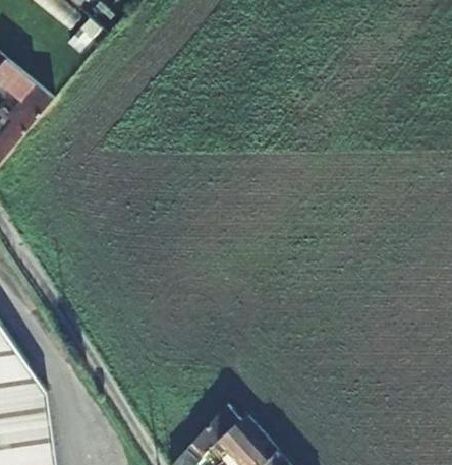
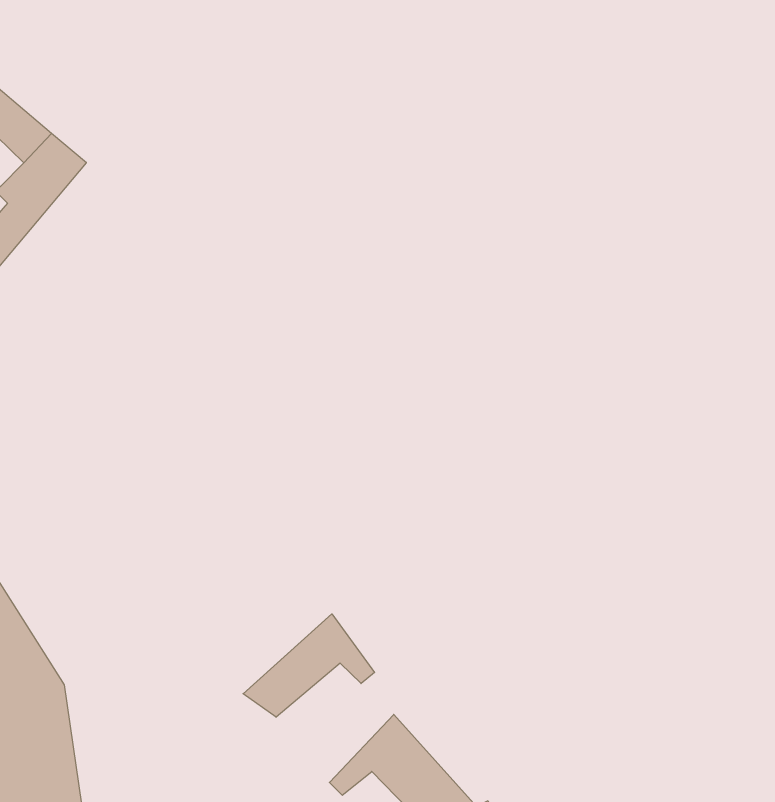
building: none -> [243,614,375,717]

